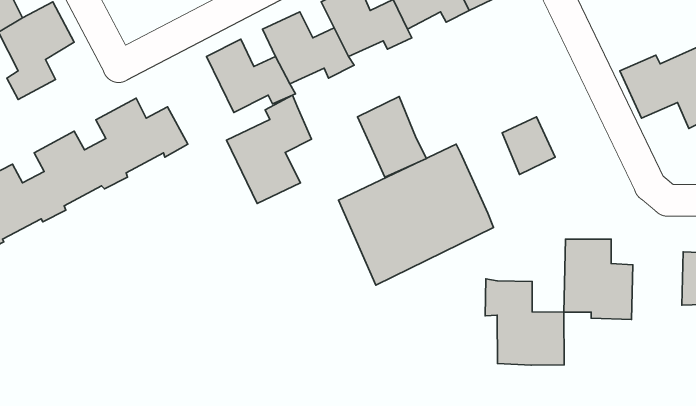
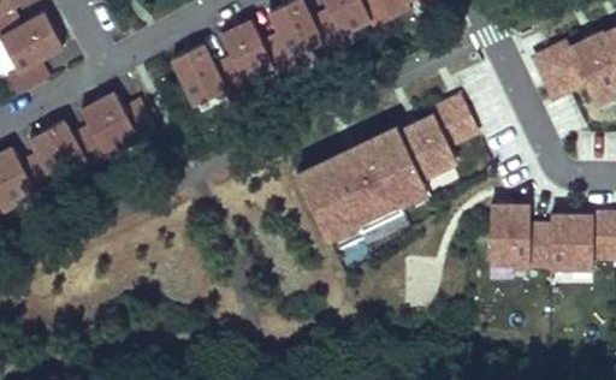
building: [227,95,312,203] -> none
building: [357,97,426,177] -> [389,119,446,186]
building: none -> [532,218,575,275]
building: [485,279,564,365] -> none

